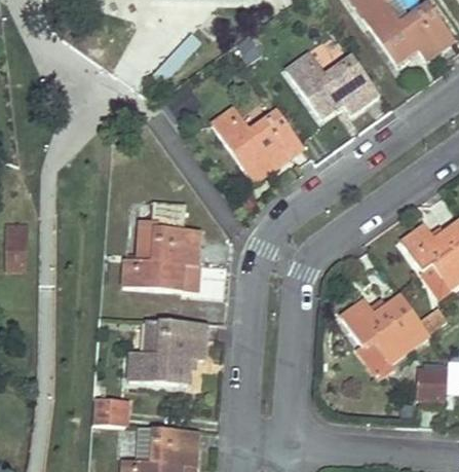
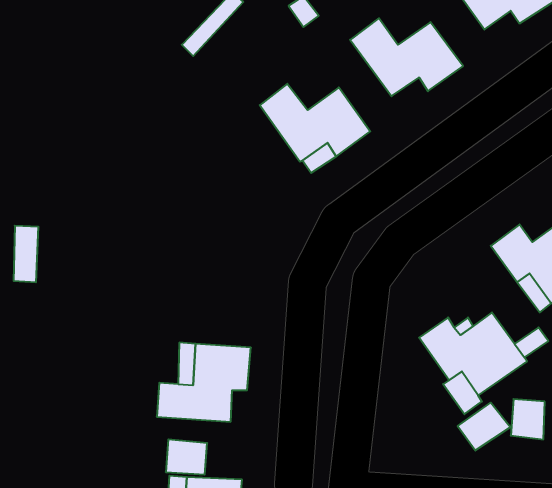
building: [123,227,199,291] -> none
building: none -> [458,403,510,451]
building: [92,398,126,427] -> [166,439,207,475]

